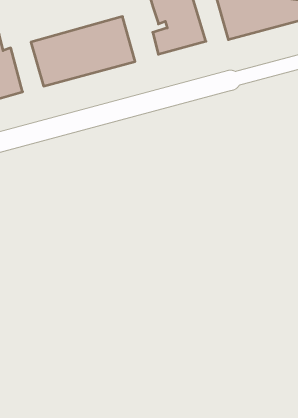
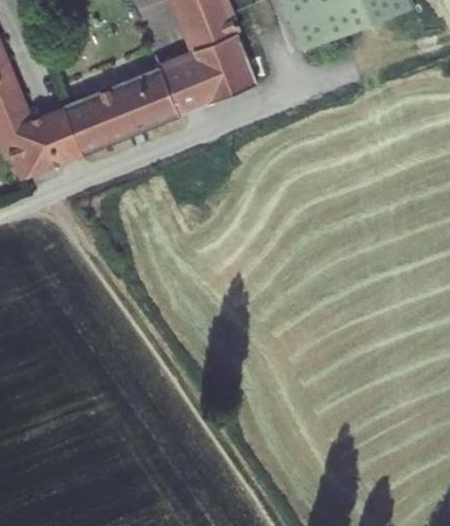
building: none -> [174,44,225,107]
building: none -> [53,101,96,157]

